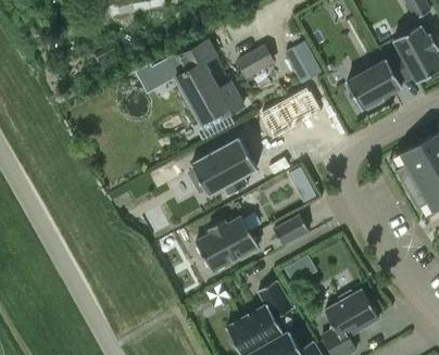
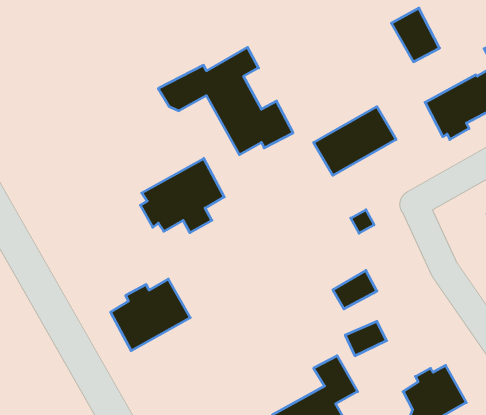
building: [284,41,322,84] -> [391,8,440,62]
building: [235,45,275,79] -> none
building: [190,137,256,195] -> [140,158,224,233]
building: [197,217,260,274] -> [111,279,190,351]

